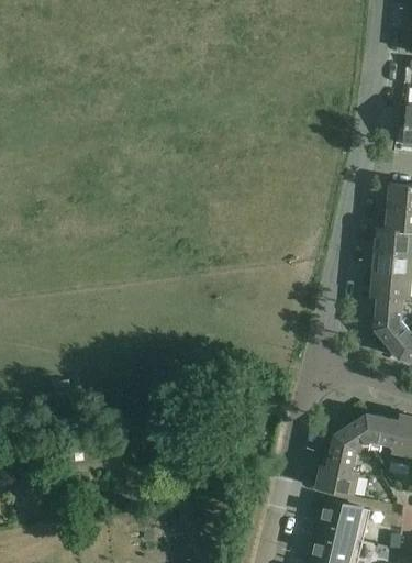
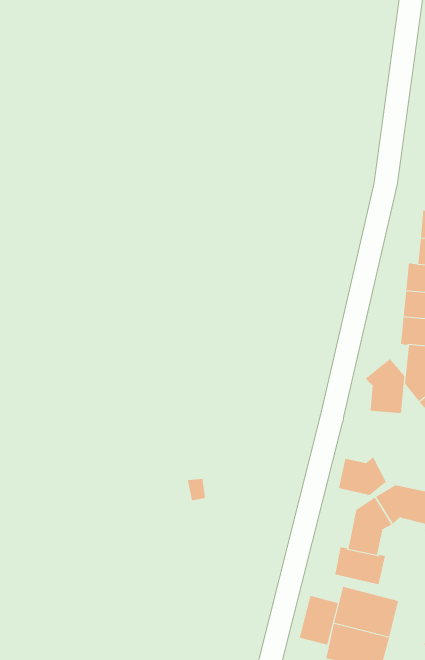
building: none -> [365,358,405,414]
building: none -> [339,456,386,496]
building: none -> [299,595,338,645]

